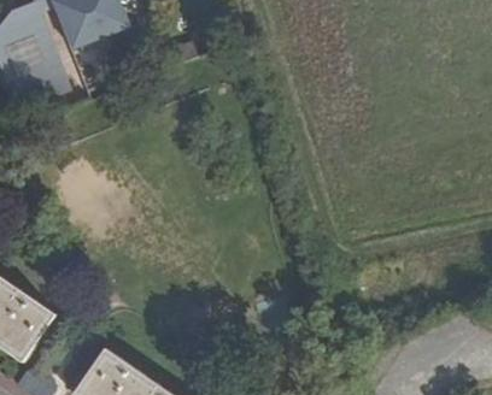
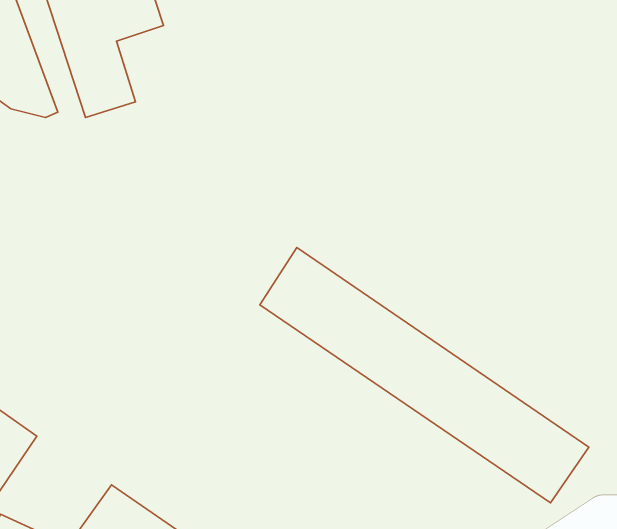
building: none -> [260,247,589,503]

